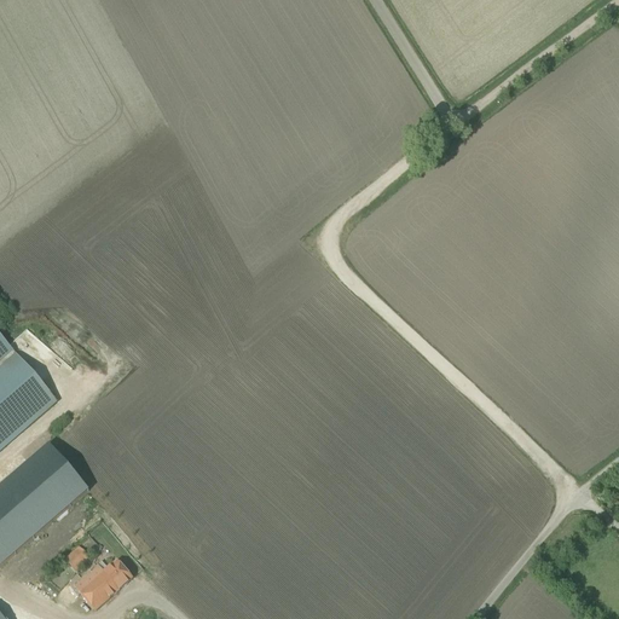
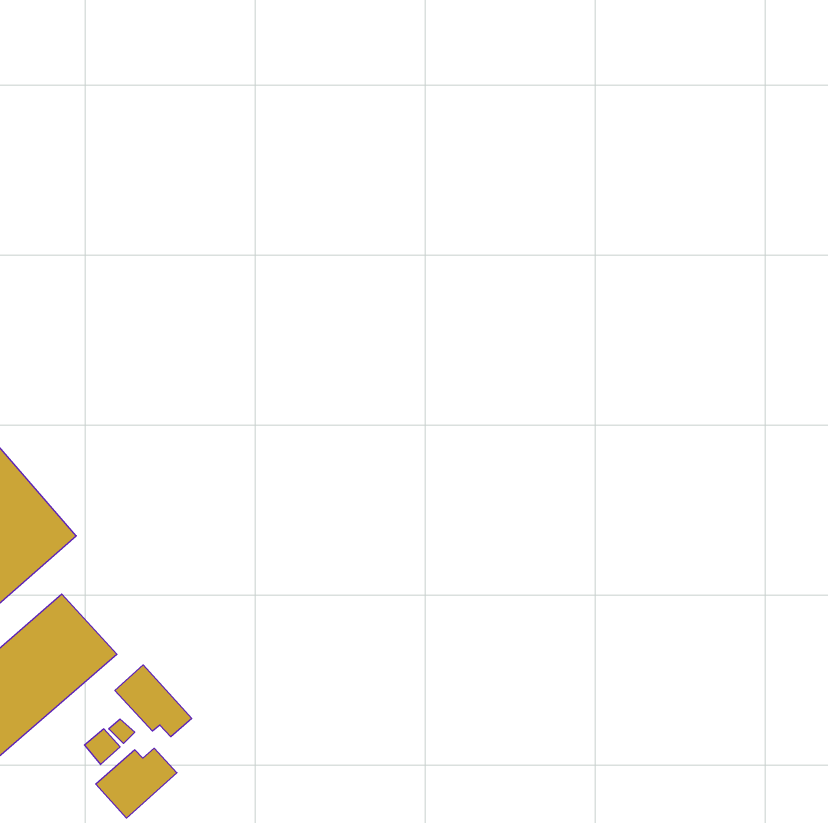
building: none -> [115,665,192,737]

